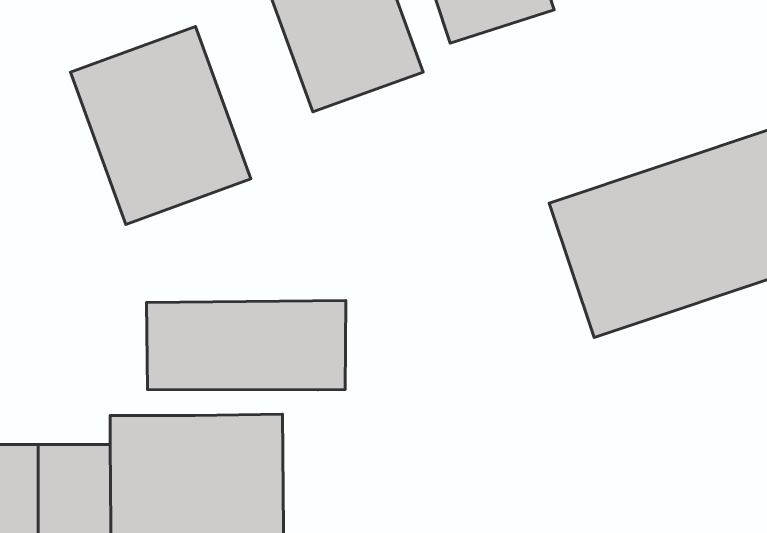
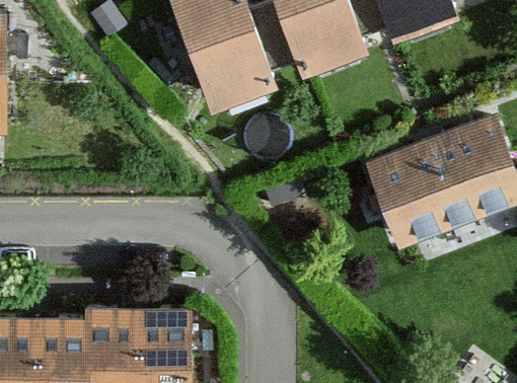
building: [70,27,251,224] -> none
building: [147,300,346,390] -> none

